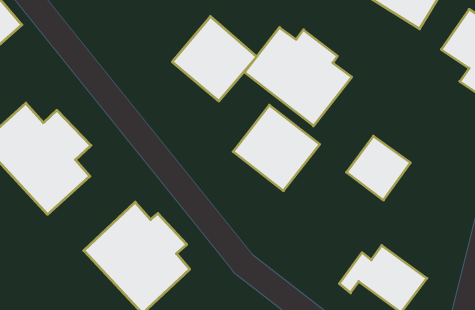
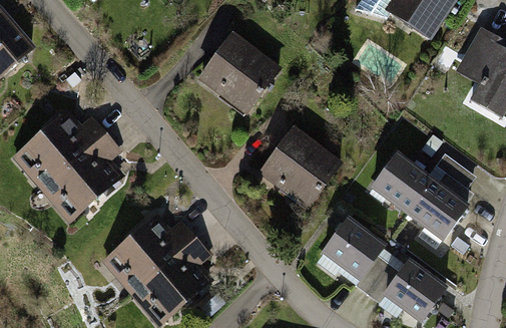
building: [245,27,352,126] -> none
building: none -> [404,151,469,235]
building: none -> [317,216,383,292]

